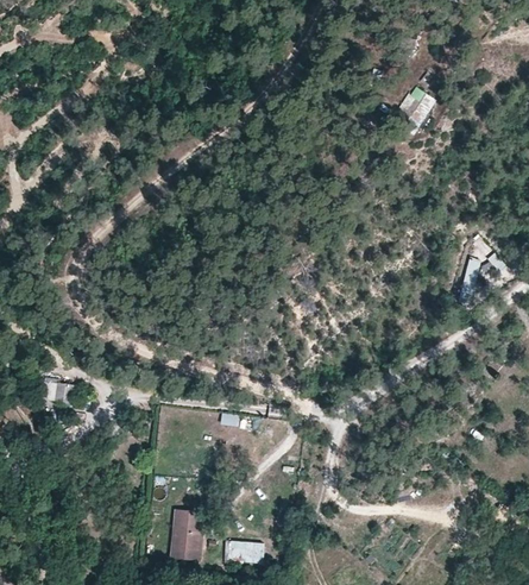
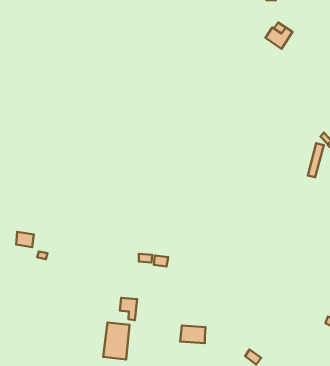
building: none -> [120,298,137,320]
building: [226,540,262,565] -> [180,326,206,343]

